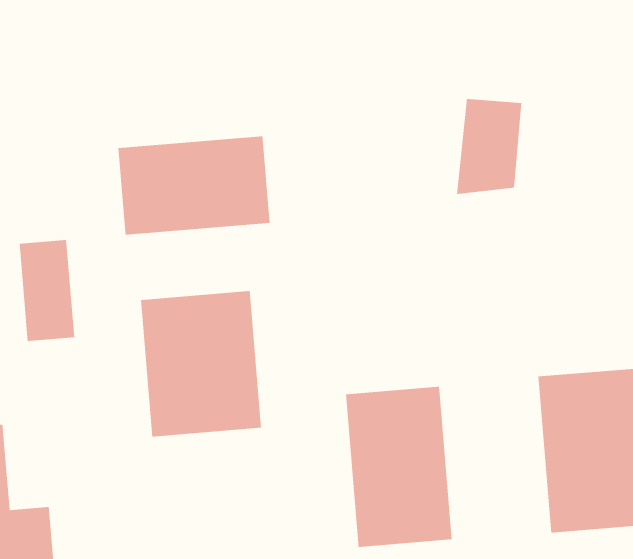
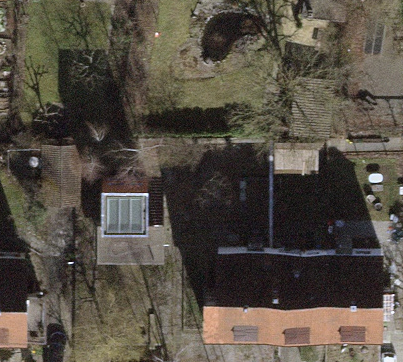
building: [118,135,270,235] -> none
building: none -> [262,253,317,341]

